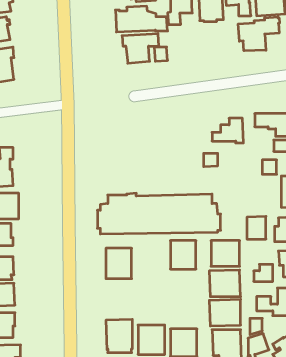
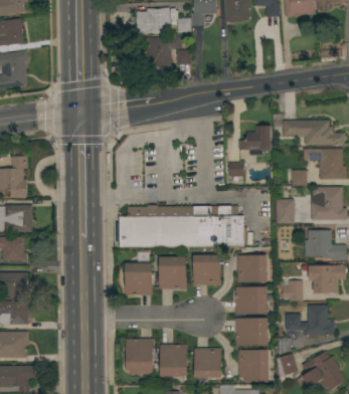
building: [238,17,279,51] -> none
building: [247,216,266,239] -> [274,199,294,223]
building: none -> [158,257,186,289]

